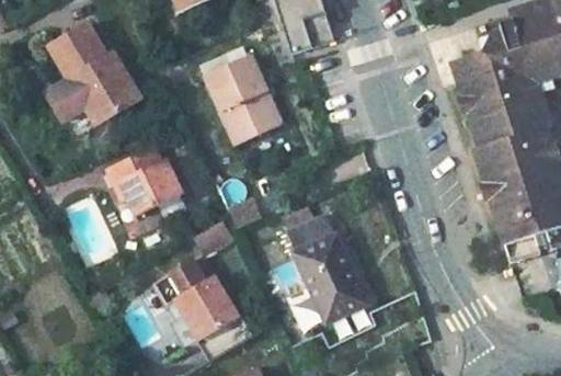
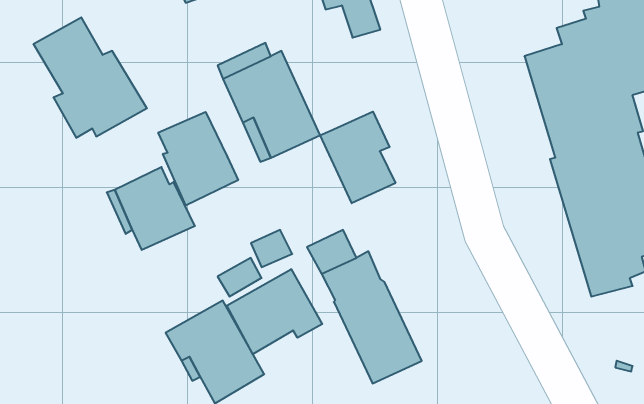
building: none -> [320,112,395,203]
building: none -> [158,112,238,205]
building: none -> [227,269,322,354]

